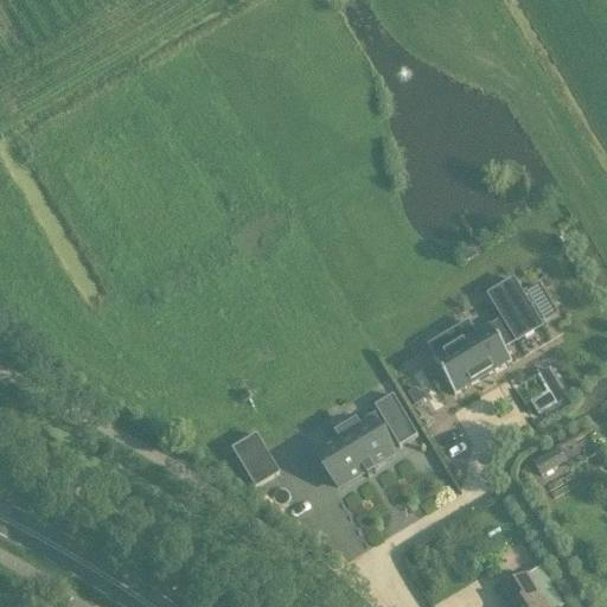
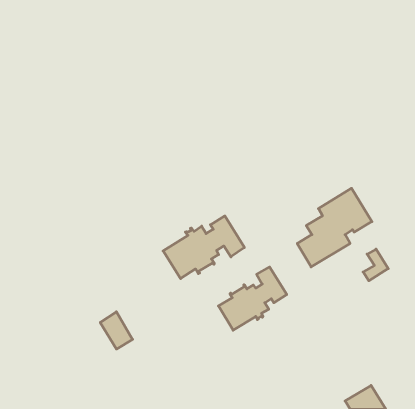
building: none -> [163,216,244,279]
building: [230,429,277,484] -> [100,312,133,349]

